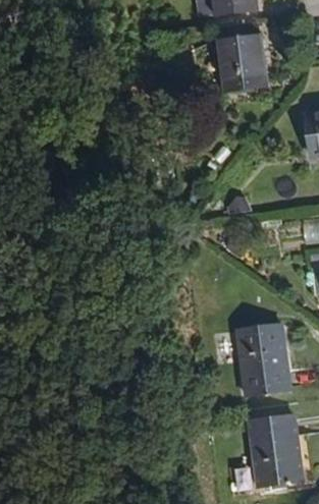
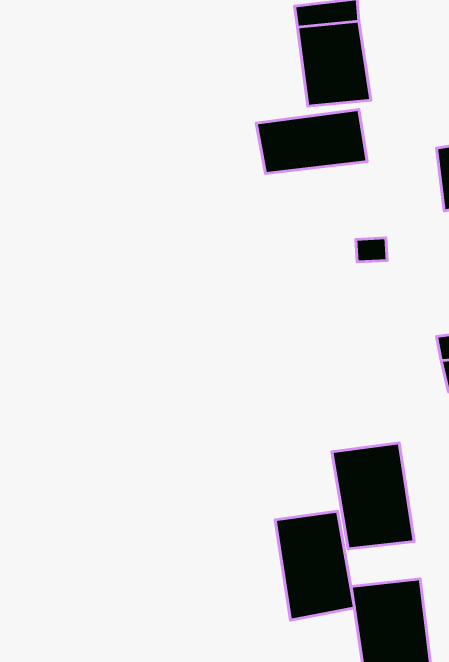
building: none -> [256,110,367,174]
building: none -> [275,511,354,620]

